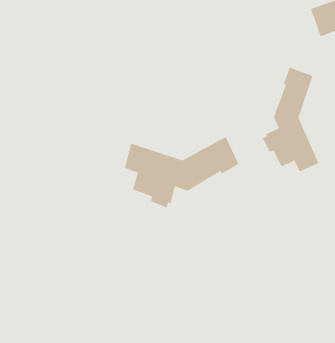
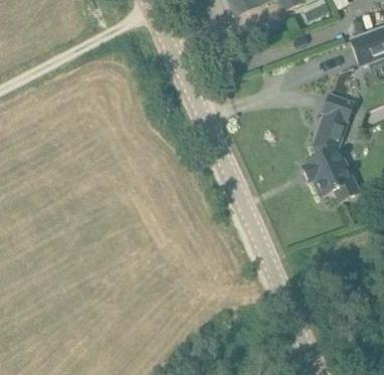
building: [124,136,239,208] -> none

